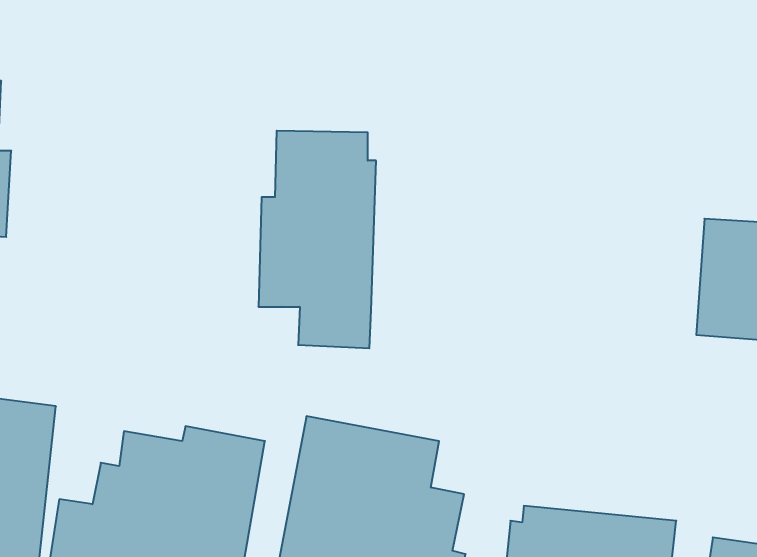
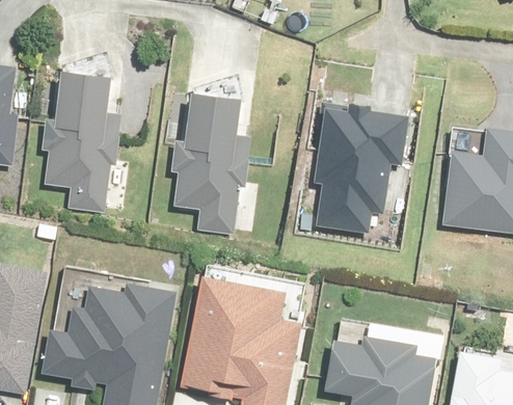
building: none -> [42,74,124,211]
building: none -> [309,80,382,216]

